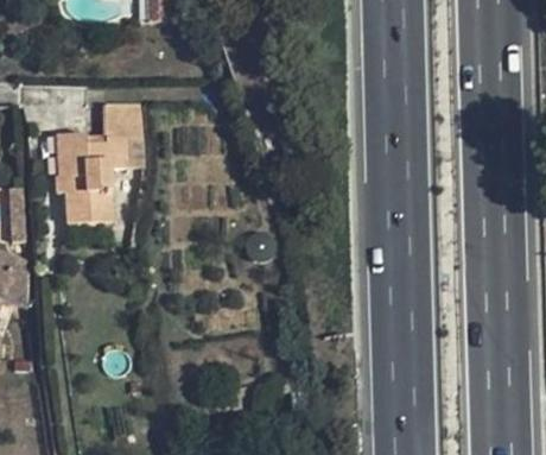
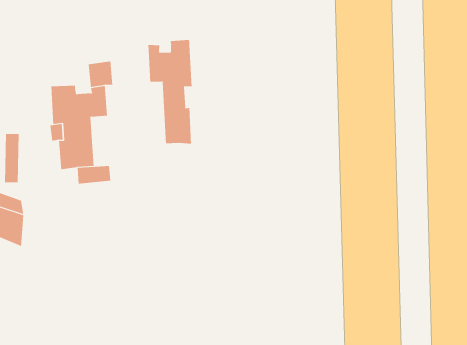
building: none -> [148,39,192,144]

